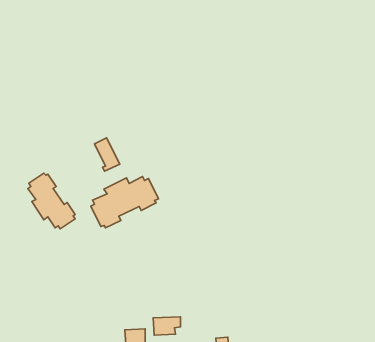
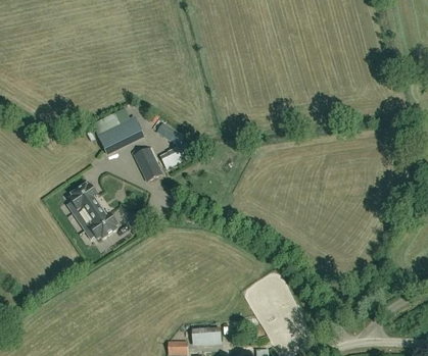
building: none -> [96,116,142,152]
building: [91,176,158,228] -> none

